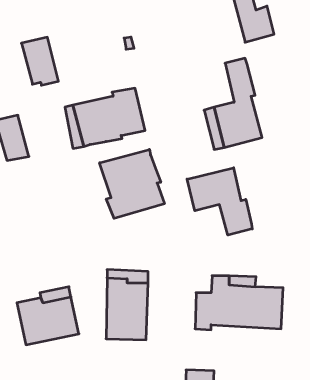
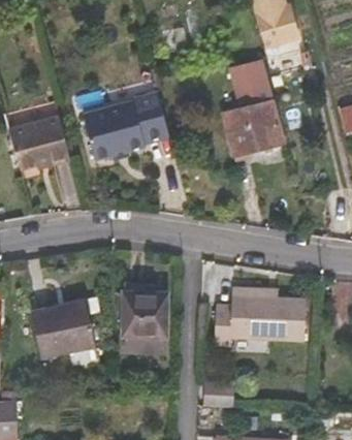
building: [21,37,58,85] -> [32,115,70,164]
building: [100,149,164,218] -> none
building: [187,168,252,235] -> none

